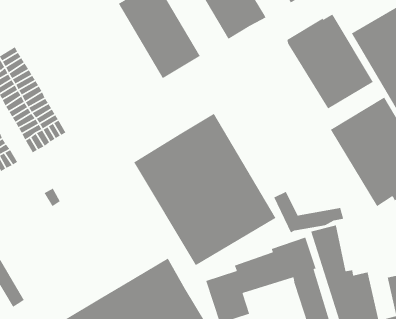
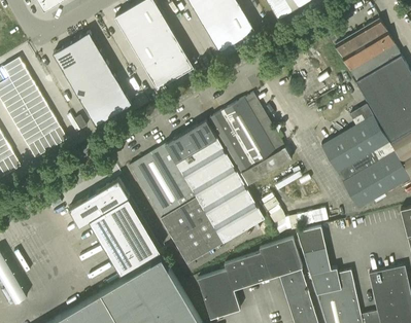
building: [286,13,374,110] -> [210,95,293,185]
building: none -> [54,34,132,127]
building: none -> [70,181,161,275]

